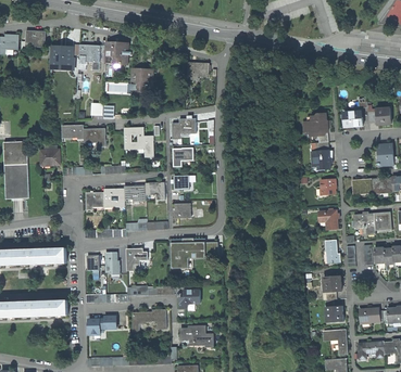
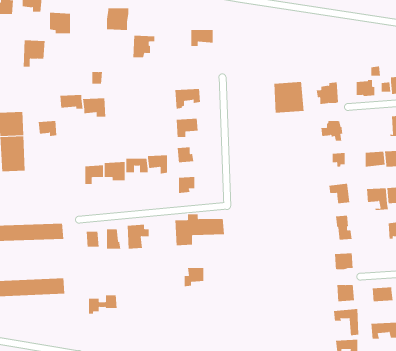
building: [77,42,99,68] -> [23,40,45,67]
building: none -> [274,81,304,114]
building: [124,127,153,156] -> none
building: [131,306,166,330] -> none
building: [179,324,213,345] -> none

